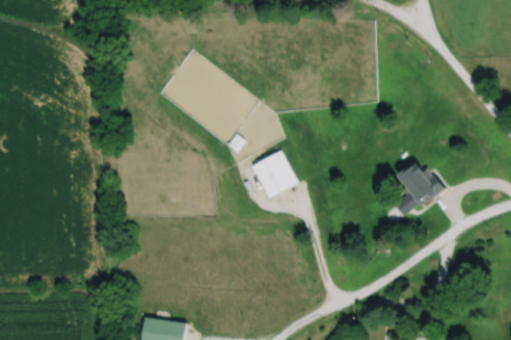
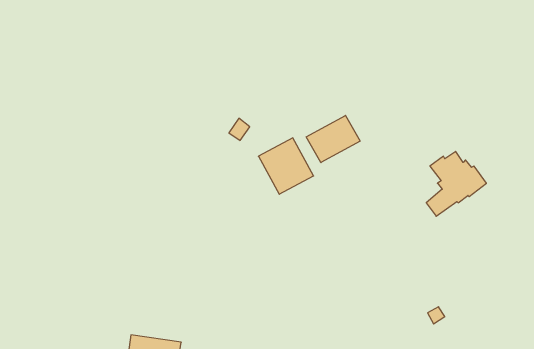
building: none -> [306,115,360,163]

